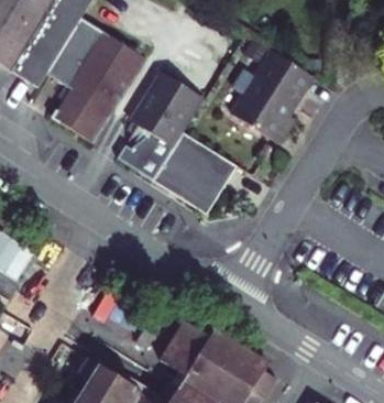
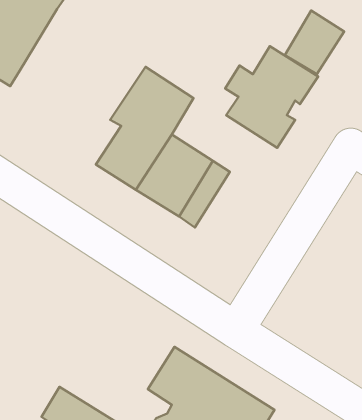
building: [46,14,149,142] -> none
building: none -> [285,11,344,74]

